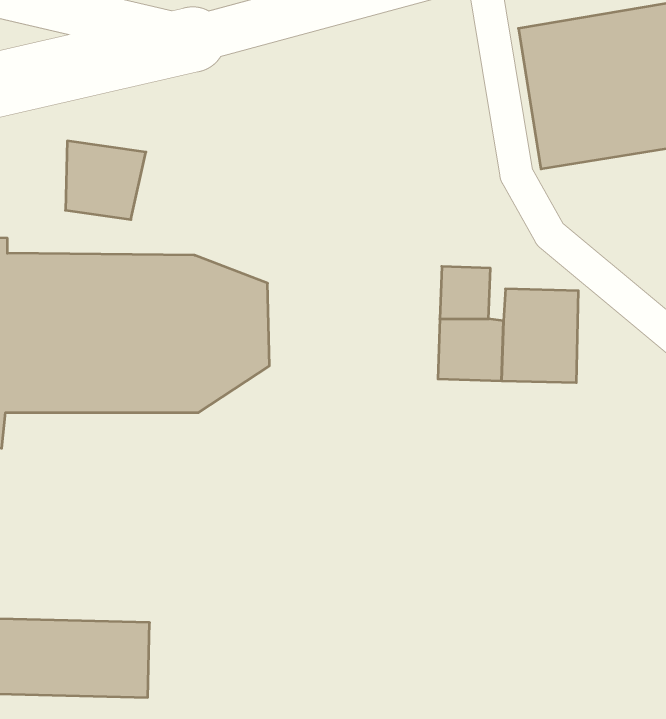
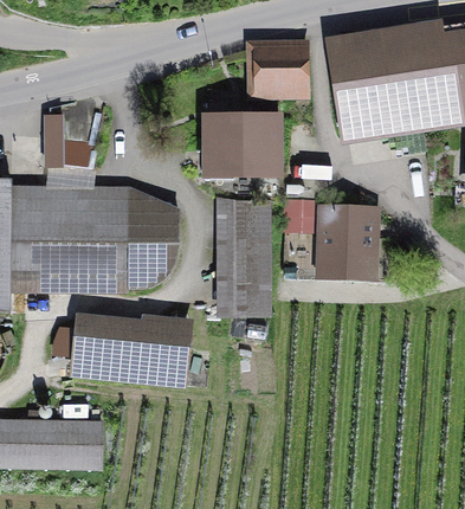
building: none -> [253,39,302,88]
building: none -> [209,116,277,172]
building: none -> [221,200,270,313]
building: none -> [72,317,188,382]

